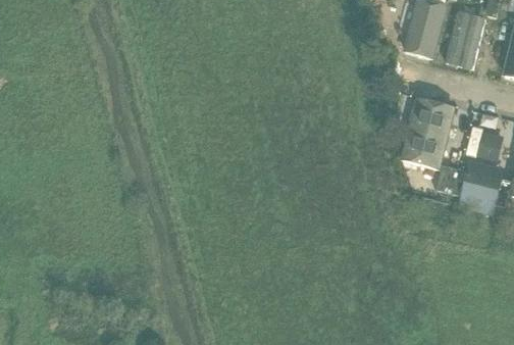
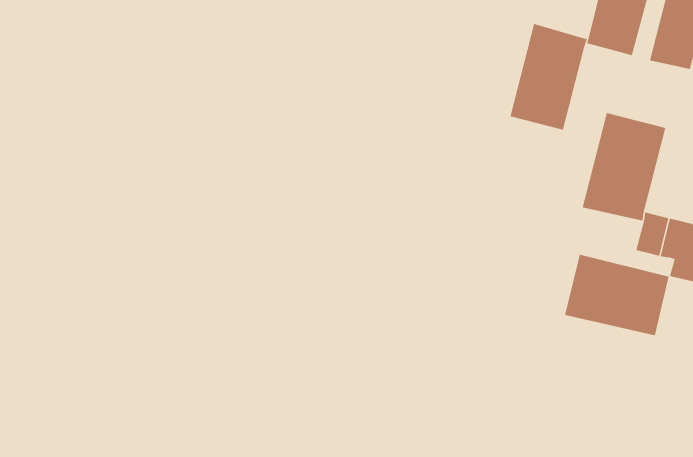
building: none -> [510,23,588,131]
building: none -> [565,254,669,336]

